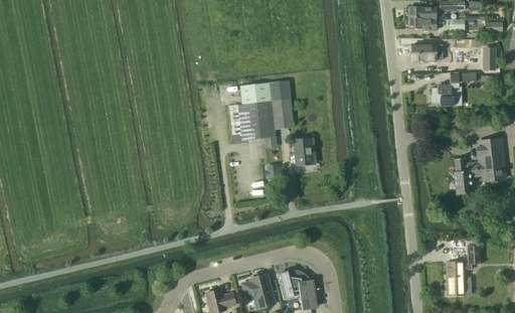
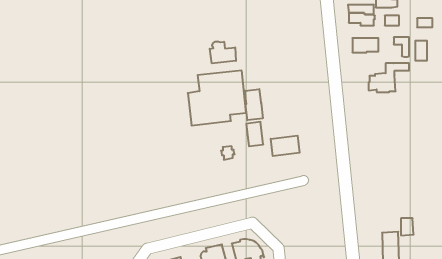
building: none -> [210,41,236,63]
building: none -> [245,89,263,120]
building: [454,143,504,193] -> none
building: none -> [271,136,300,156]

